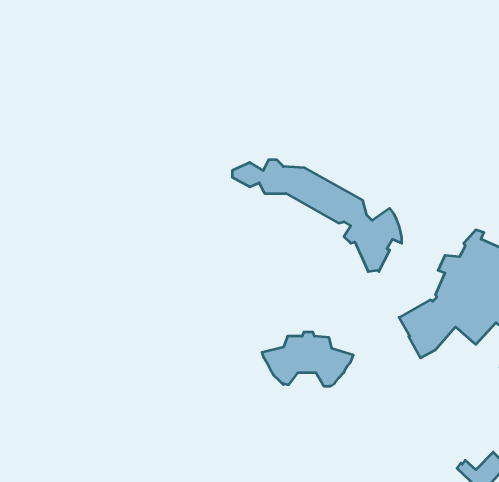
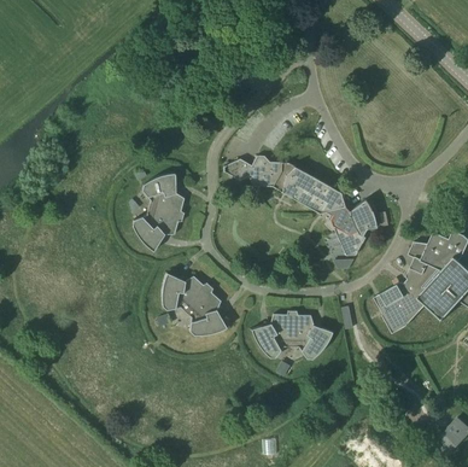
building: none -> [133,173,185,251]
building: none -> [162,273,227,334]

